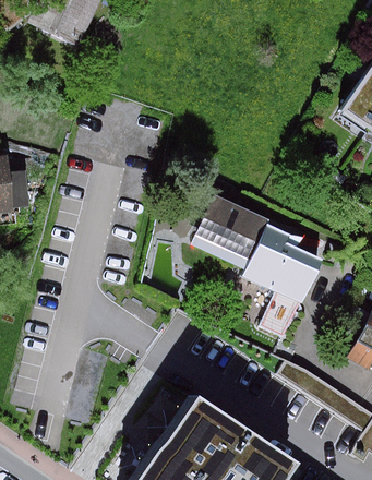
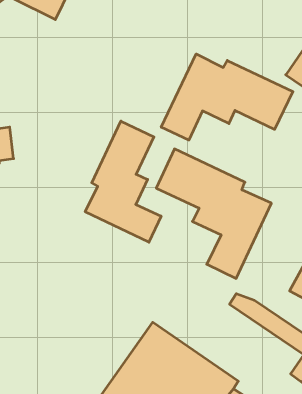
building: none -> [161,54,293,140]
building: none -> [85,121,161,242]

